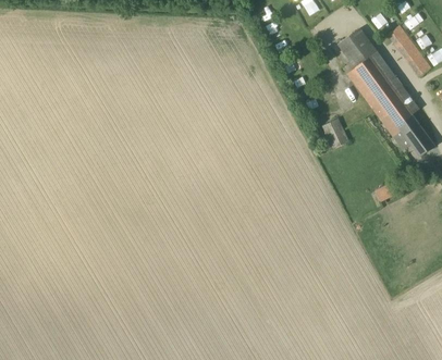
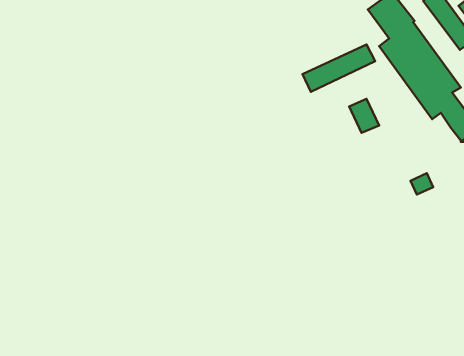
building: none -> [303,44,375,92]

